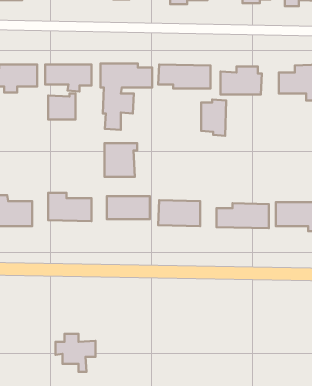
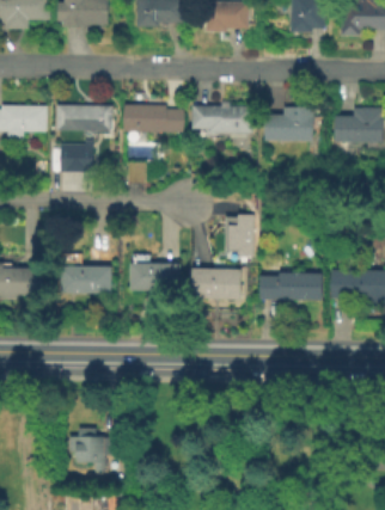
building: [201,100,226,136] -> [225,214,255,257]
building: [104,143,137,177] -> none

